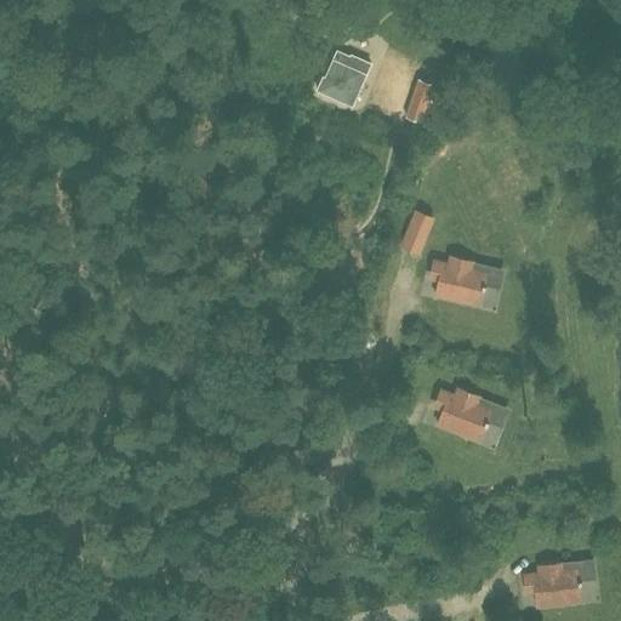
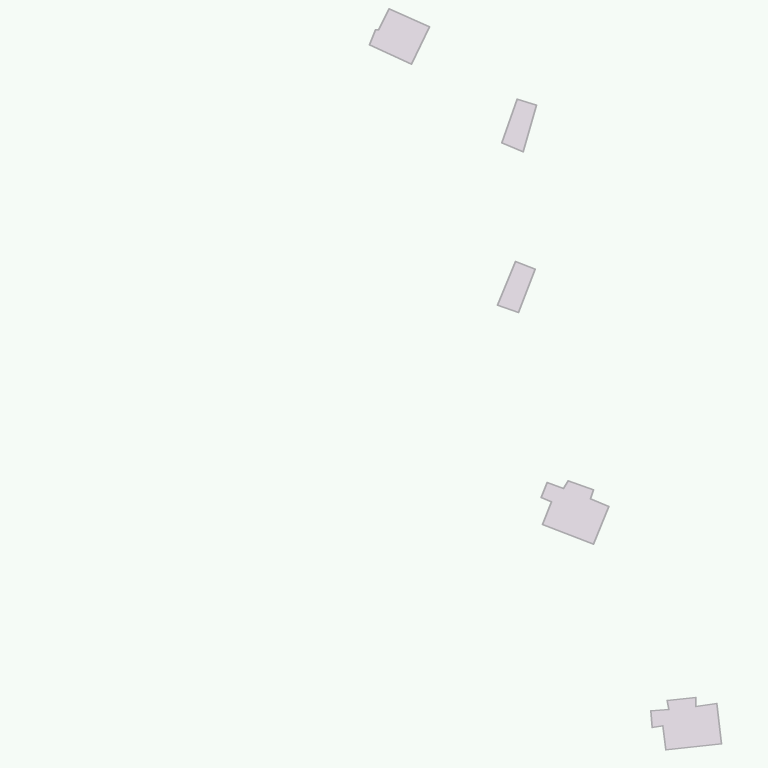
building: [318,59,366,104] -> [370,9,430,64]
building: [433,256,488,304] -> none

